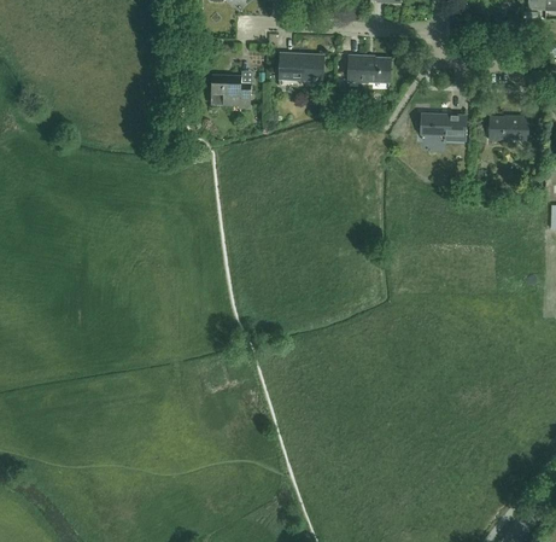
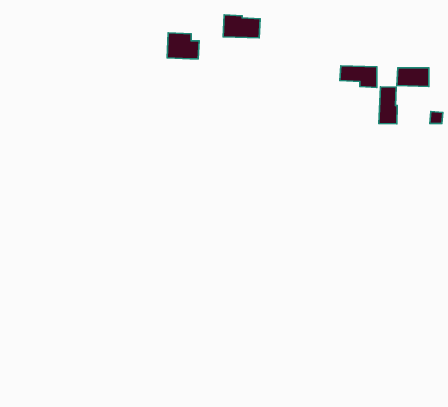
building: [347,56,391,83] -> none
building: none -> [379,87,397,124]

